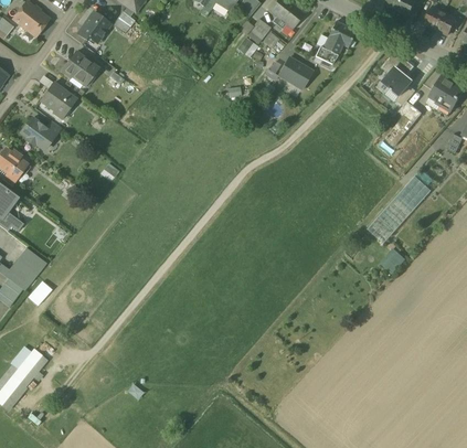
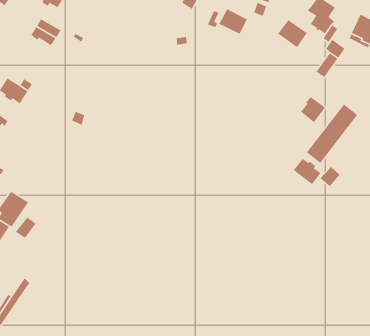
building: none -> [277,19,308,48]
building: [40,83,75,118] -> none
building: none -> [300,96,326,123]
building: none -> [293,158,322,185]

